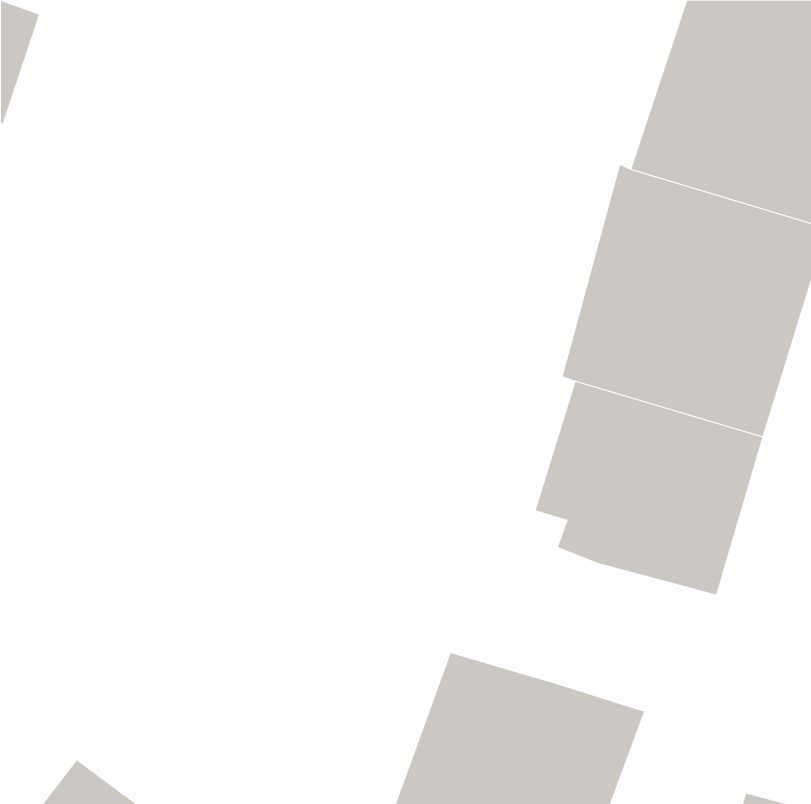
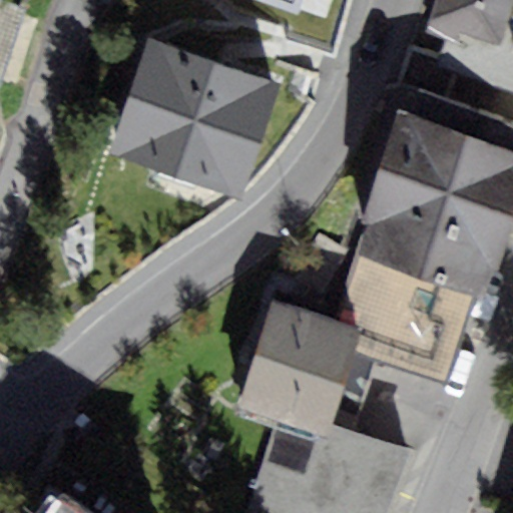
building: none -> [117,41,266,172]
building: none -> [244,310,378,436]

